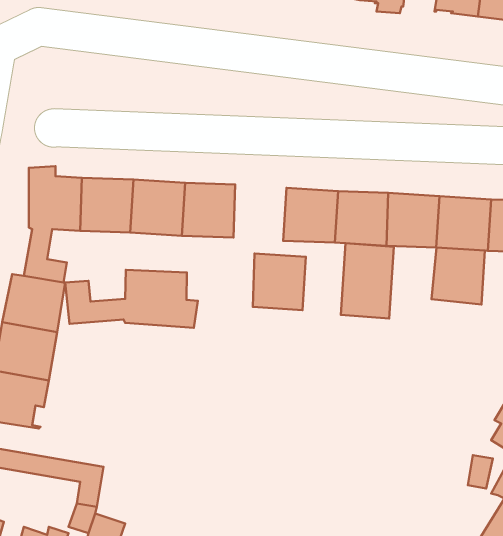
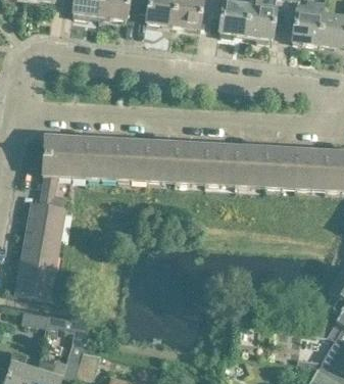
building: [341,243,394,318] -> none
building: [432,248,485,304] -> none
building: [253,254,306,310] -> [168,148,201,183]
building: [65,270,198,328] -> none

